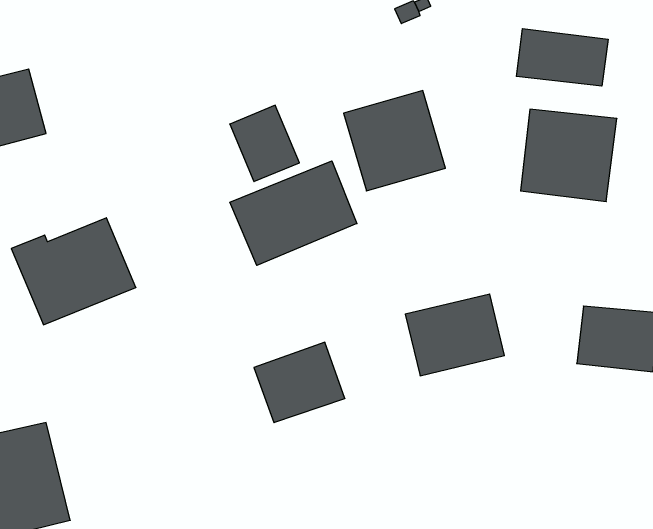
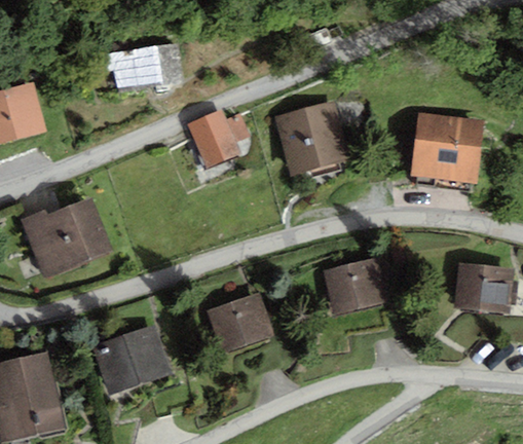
building: none -> [104,42,184,92]
building: [516,29,608,86] -> none
building: [230,161,357,265] -> none
building: none -> [91,324,173,395]

